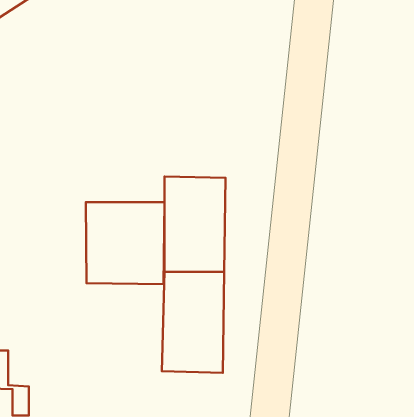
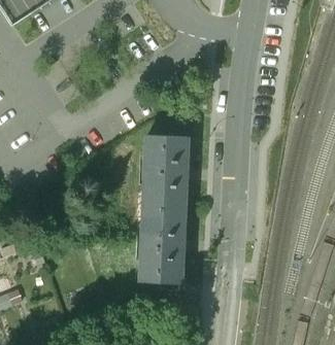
building: [86,202,165,284] -> none

